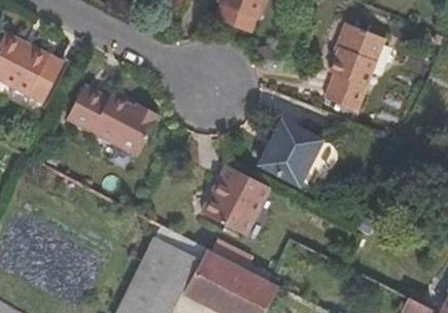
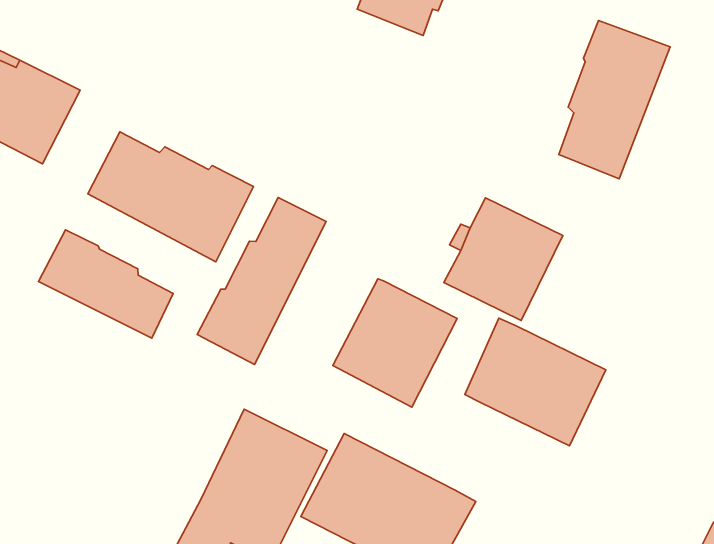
building: none -> [197,197,326,364]
building: none -> [39,230,173,338]
building: none -> [465,318,606,446]

